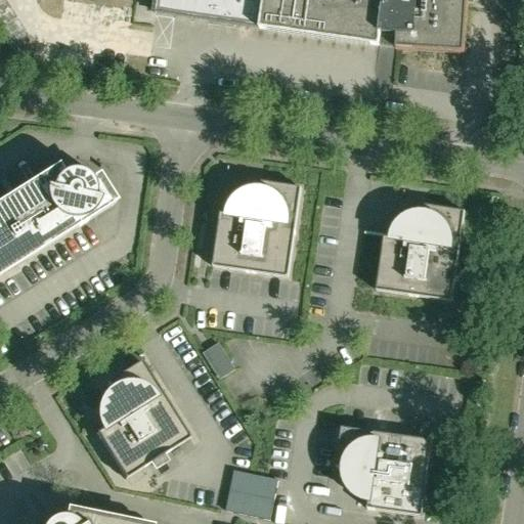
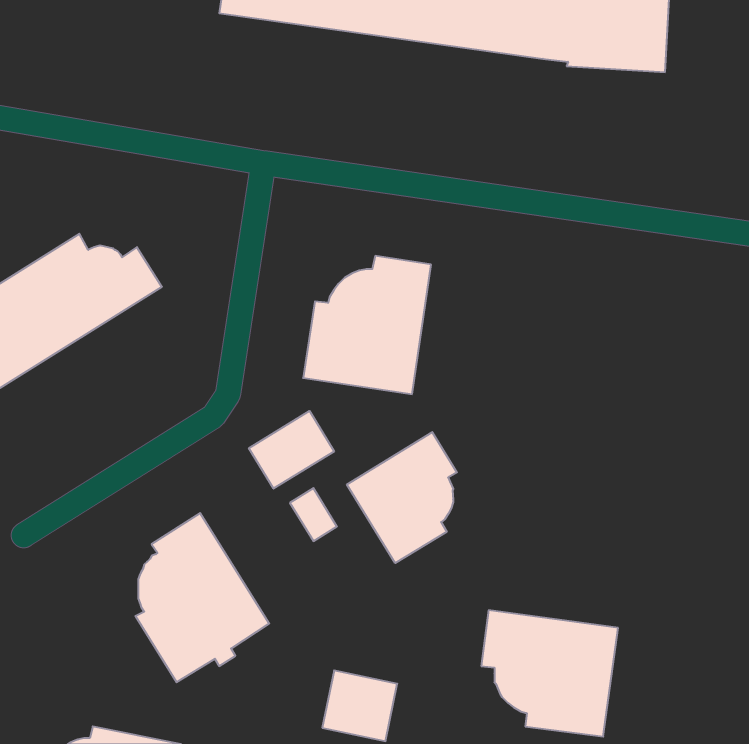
building: [375,203,464,298] -> none
building: none -> [249,411,334,489]
building: none -> [347,432,457,563]

